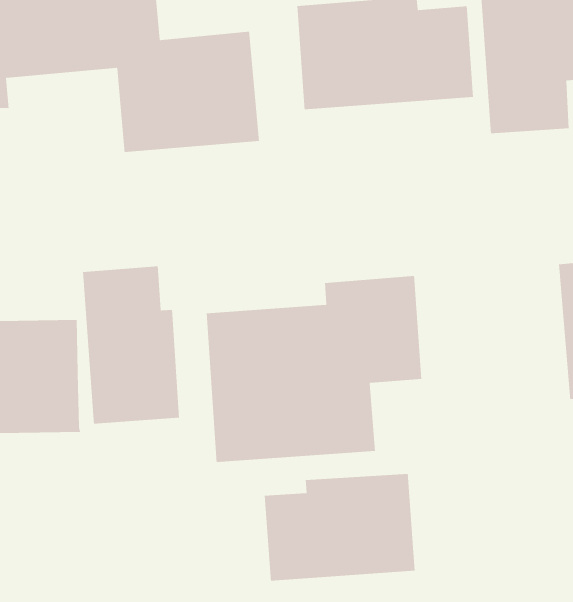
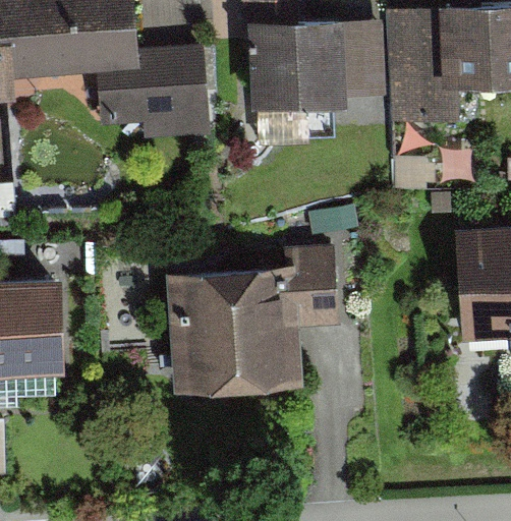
building: [82,266,180,425] -> none
building: [264,473,415,581] -> none

